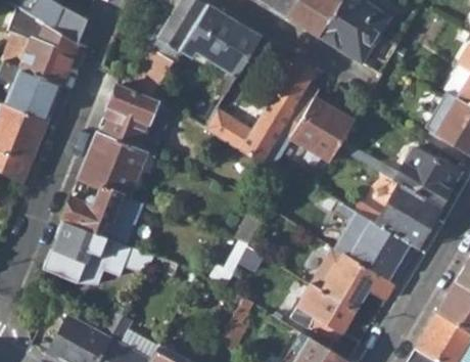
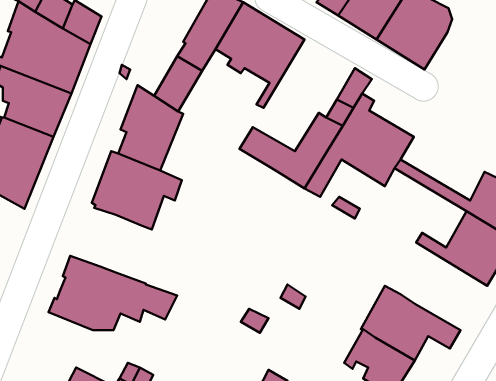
building: [61,186,141,245] -> none
building: [321,192,416,284] -> none

